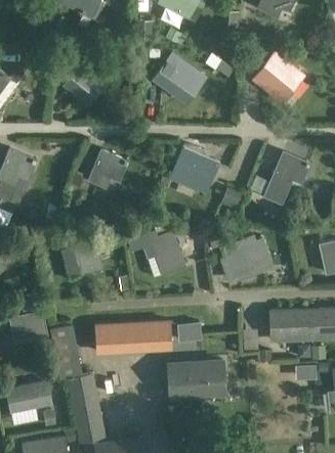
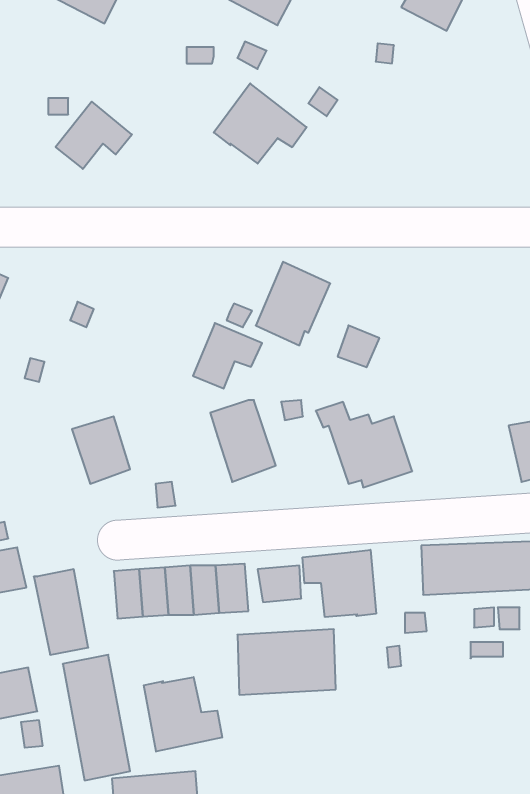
building: [251,51,303,102] -> none
building: [264,149,311,202] -> none
building: [87,151,126,188] -> [193,323,262,389]
building: none -> [303,550,376,617]
building: none -> [144,677,222,752]

